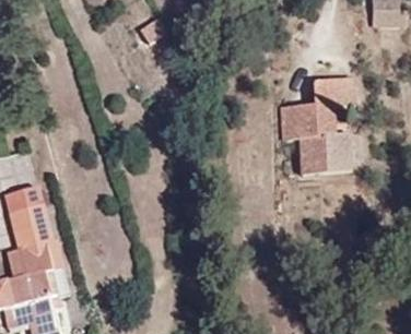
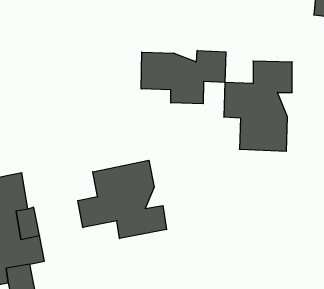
building: none -> [141,50,226,104]
building: none -> [78,160,167,239]

